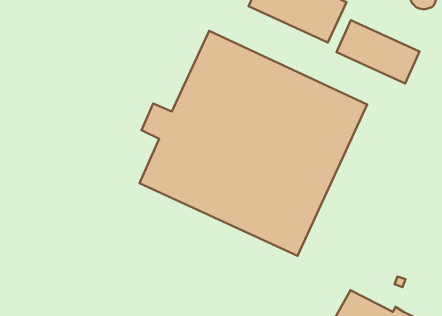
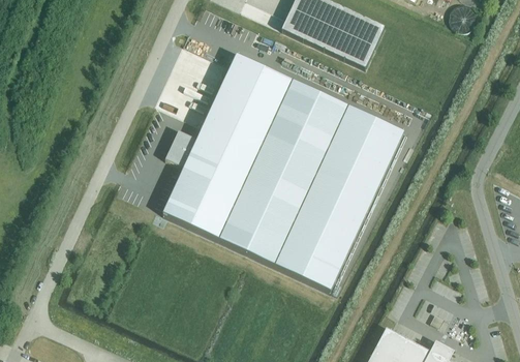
building: [337,20,419,83] -> none

